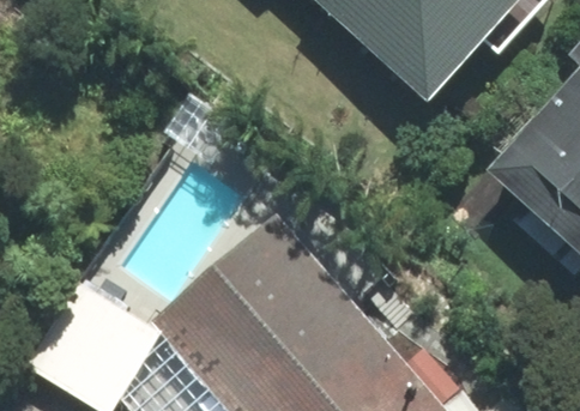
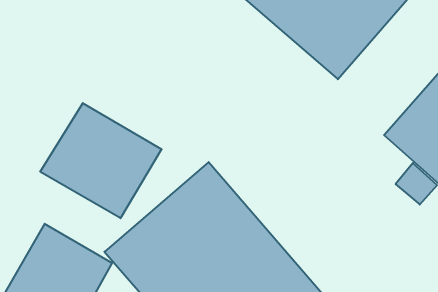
building: none -> [40,103,162,218]

